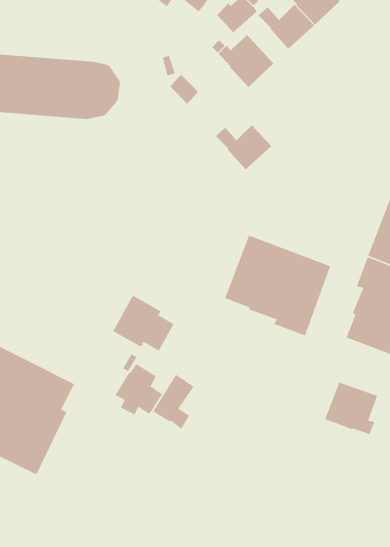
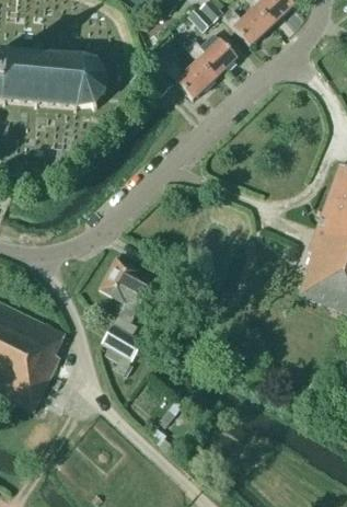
building: [215,124,272,170] -> [166,59,216,99]
building: [224,234,331,336] -> none
building: [152,374,194,430] -> none
building: [324,381,378,435] -> none

